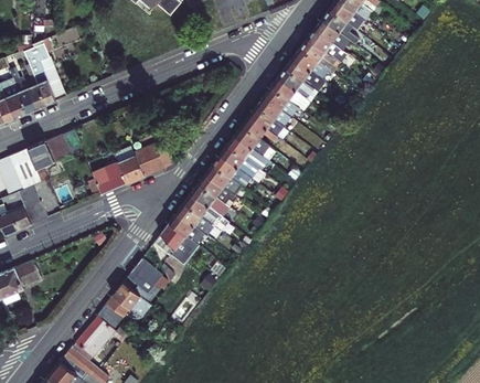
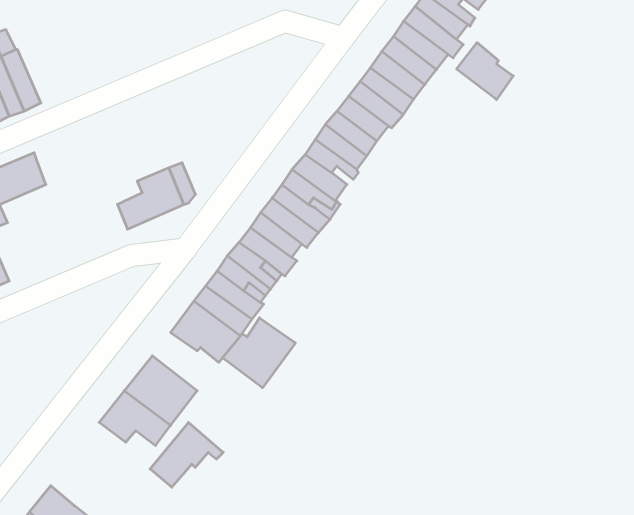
building: none -> [457,43,513,100]
building: [92,163,124,191] -> none
building: none -> [222,318,295,388]
building: [74,320,122,363] -> [150,422,223,487]

